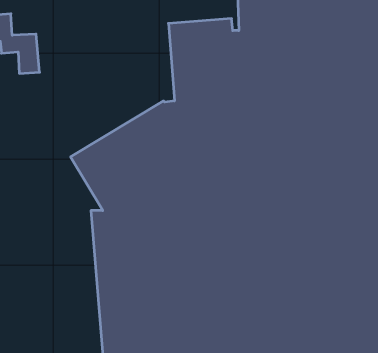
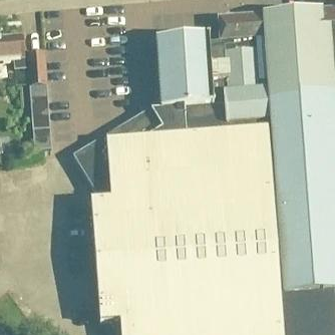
building: none -> [31,81,51,127]

